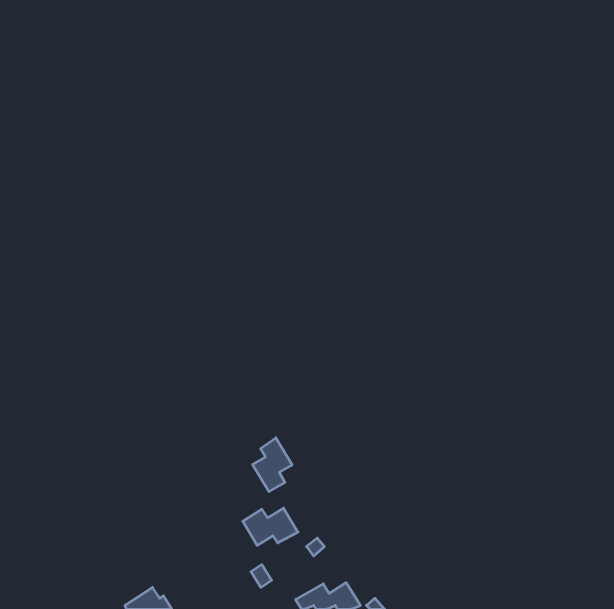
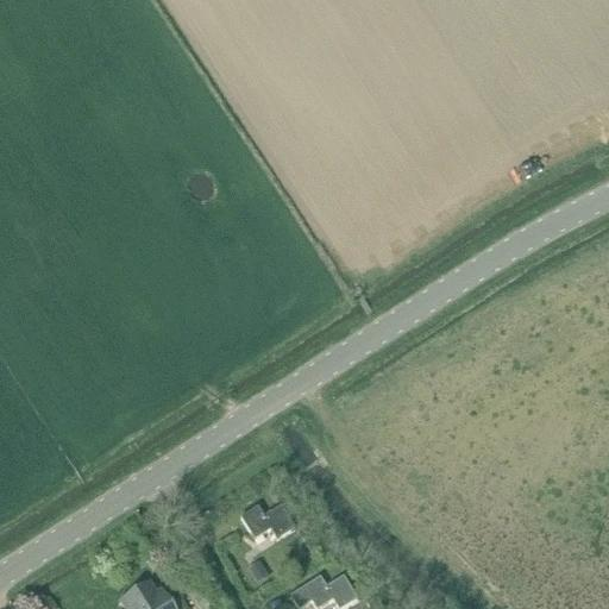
building: [253,438,292,492] -> none

